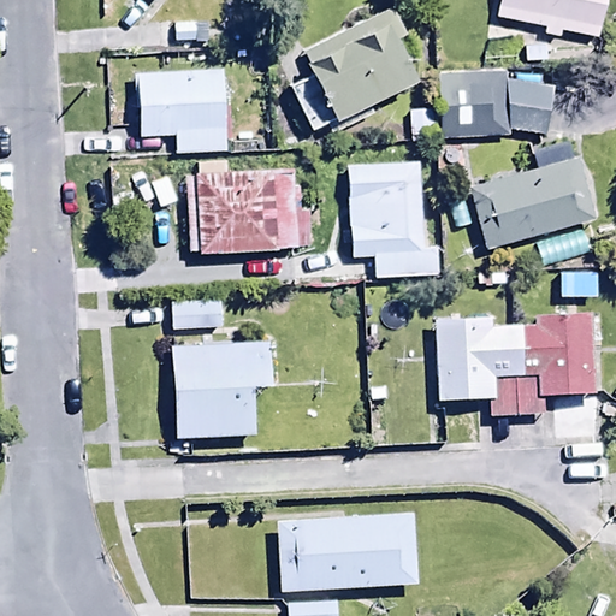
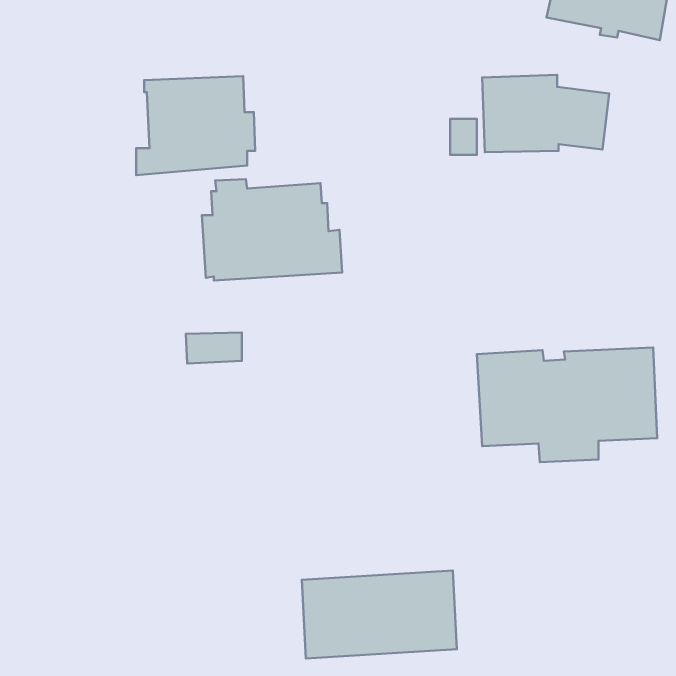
building: [291,6,419,128] -> none
building: [470,141,597,248] -> none
building: [349,159,440,276] -> none
building: [171,339,272,440] -> none

